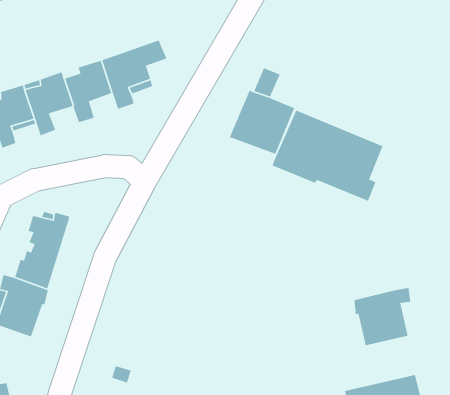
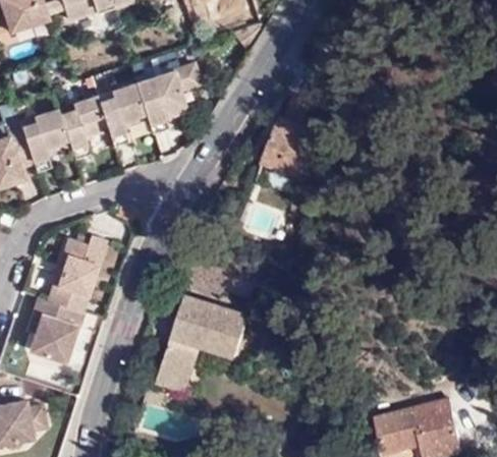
building: [272,109,384,202] -> none
building: none -> [158,293,249,391]
building: [353,287,411,346] -> none

